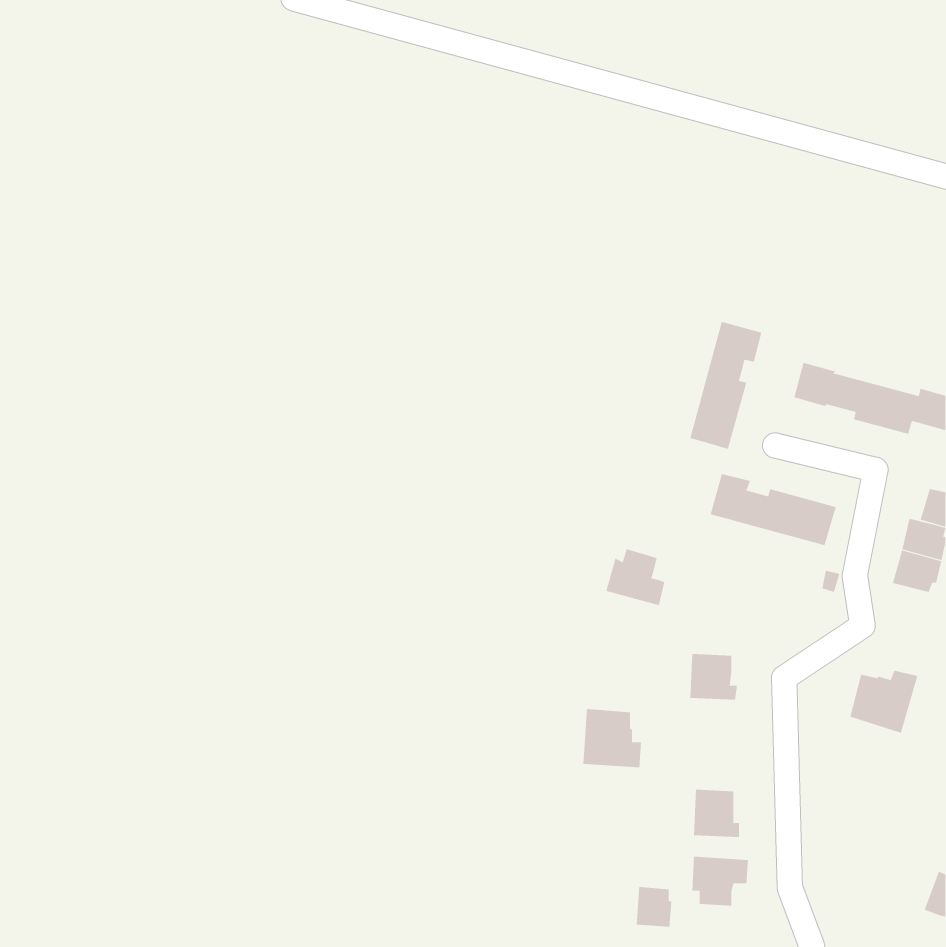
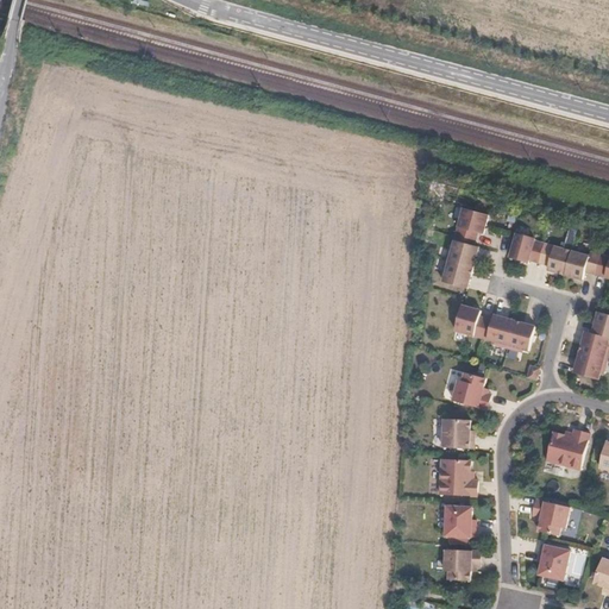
building: [606,548,665,606] -> [451,372,489,409]
building: [582,708,642,768] -> [438,458,476,496]
building: none -> [530,500,569,535]
building: none -> [536,544,567,579]
building: [636,886,672,927] -> none

